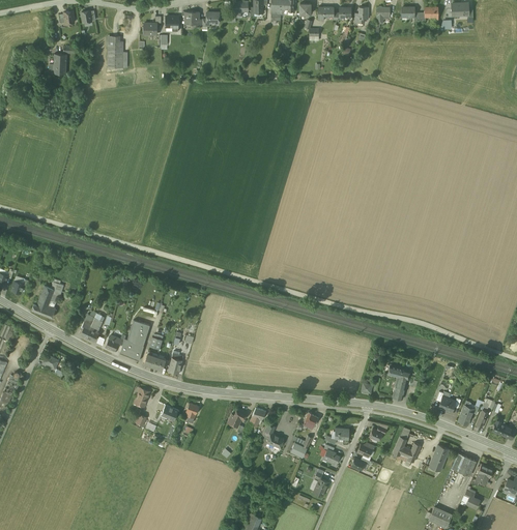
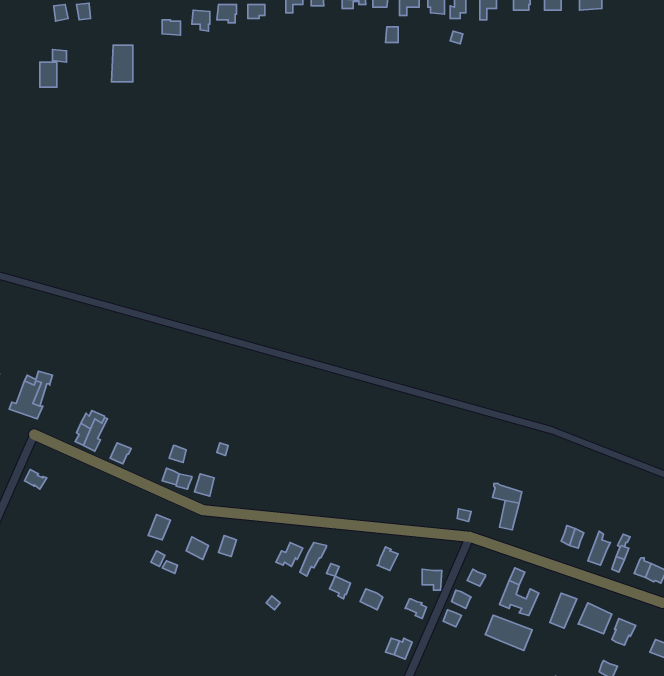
building: [119,320,150,360] -> none
building: none -> [485,615,532,650]

